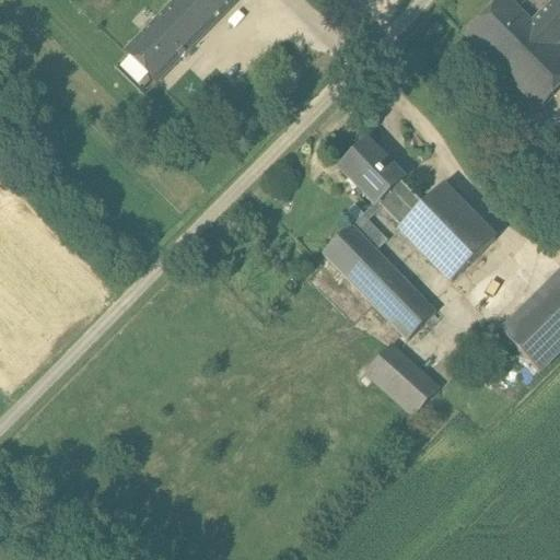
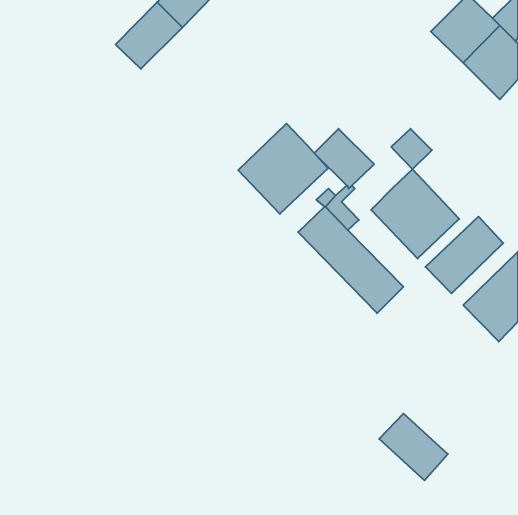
building: none -> [238,124,328,214]
building: [380,180,423,224] -> [391,129,432,169]
building: none -> [425,217,503,293]
building: [364,343,439,416] -> [379,414,448,480]

